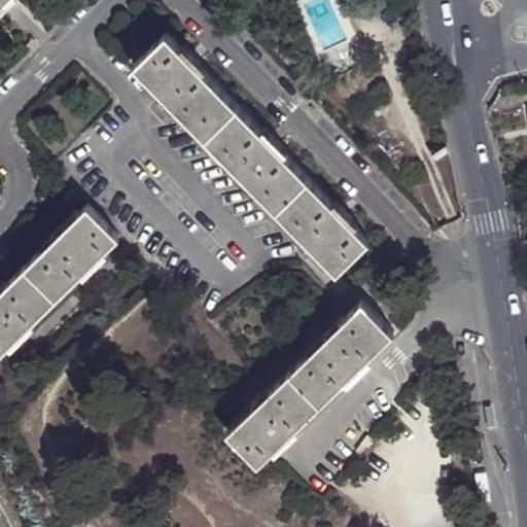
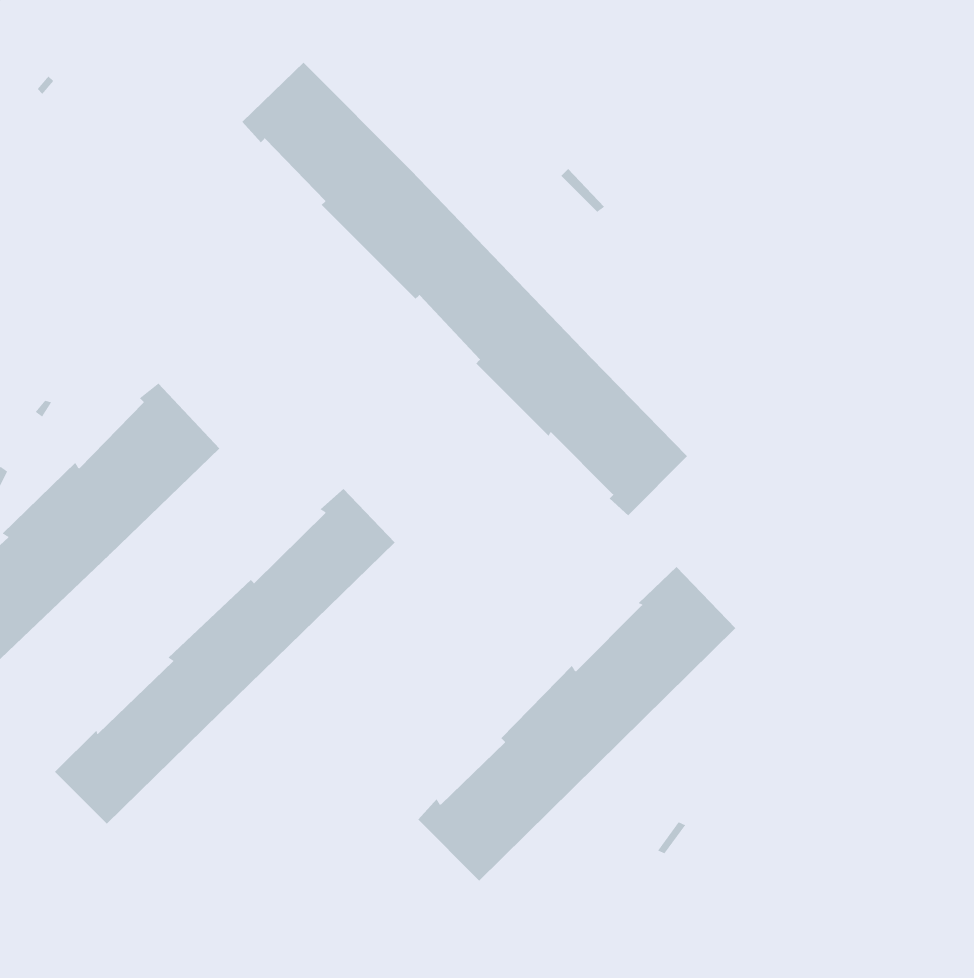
building: none -> [54,488,396,824]

